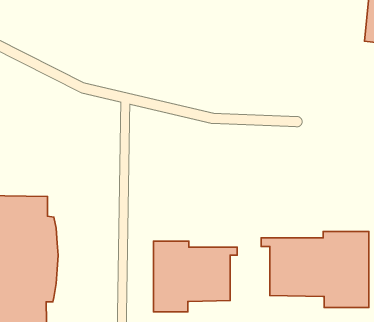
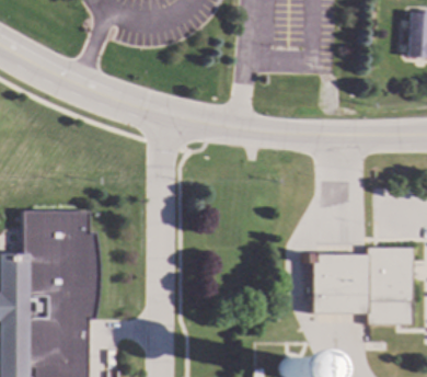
building: [153,241,237,312] -> none

